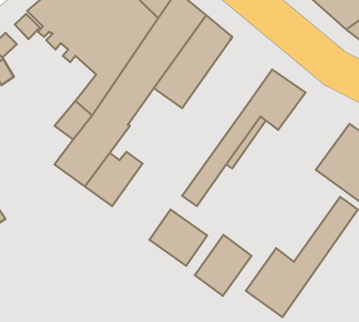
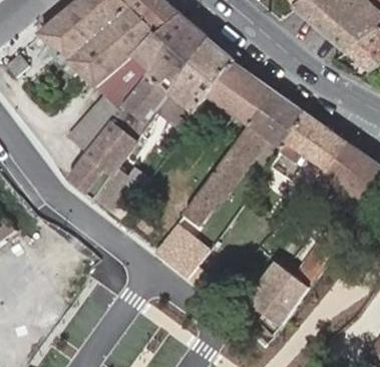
building: none -> [208,61,273,125]
building: none -> [277,111,347,196]
building: [195,235,252,296] -> none

